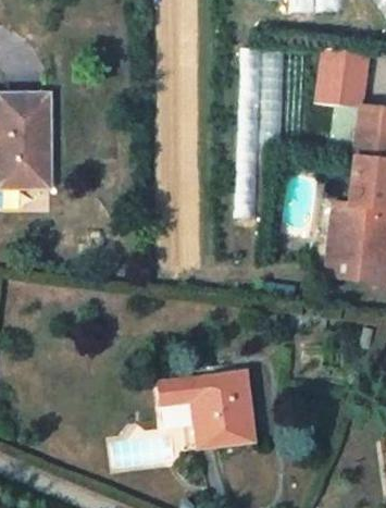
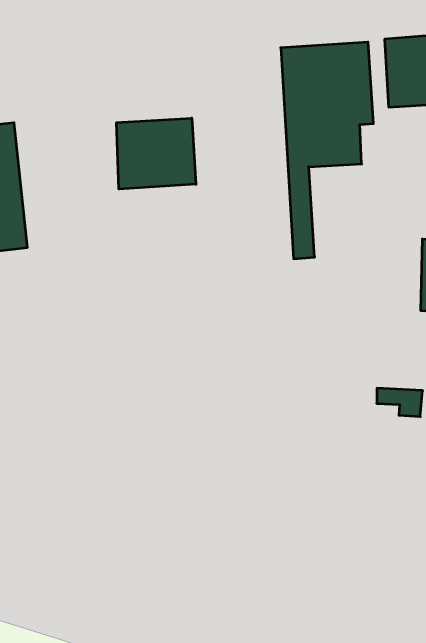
building: none -> [117,118,196,189]
building: [157,369,252,447] -> none

